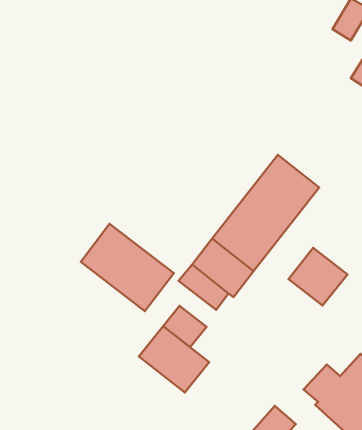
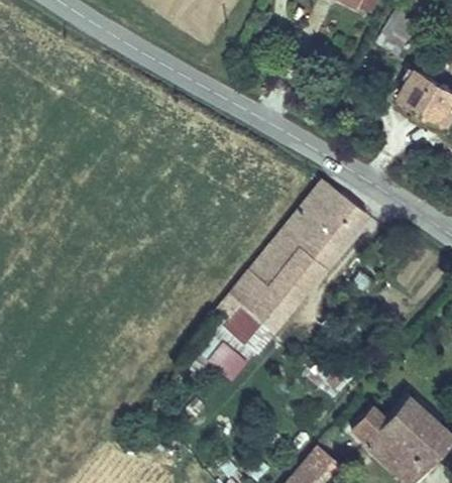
building: [81,224,174,311] -> none
building: [289,248,347,306] -> none
building: [139,326,209,392] -> none

